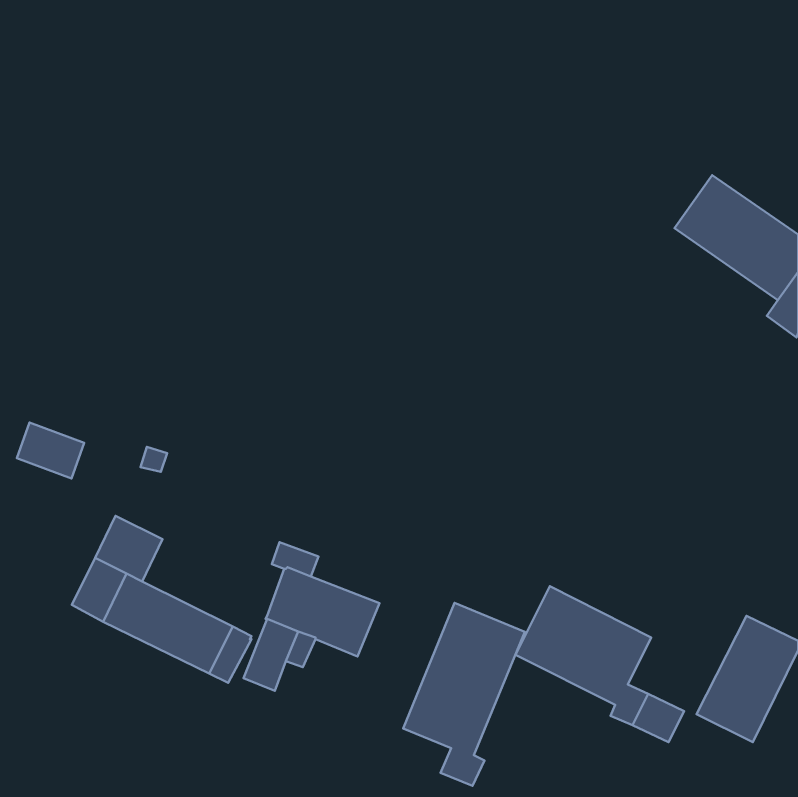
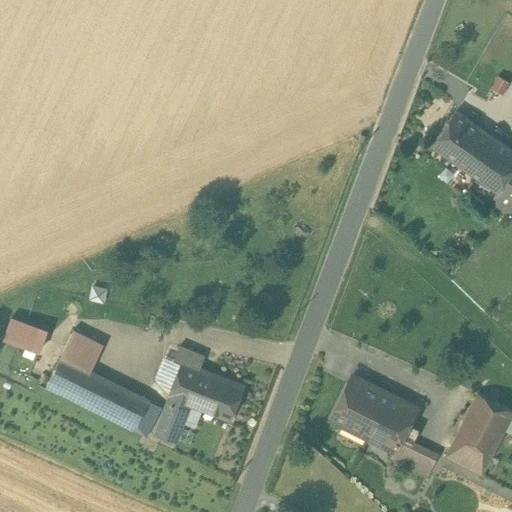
building: [17,422,84,479] -> [4,317,47,353]
building: none -> [155,357,182,394]
building: [403,603,525,786] -> none

